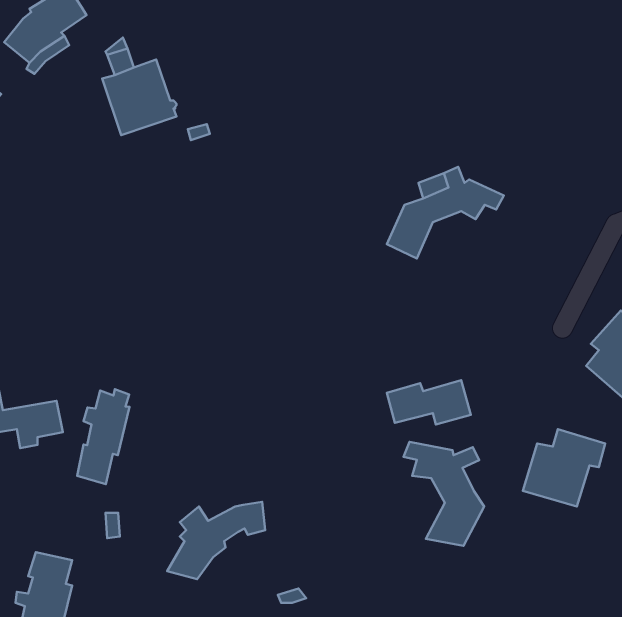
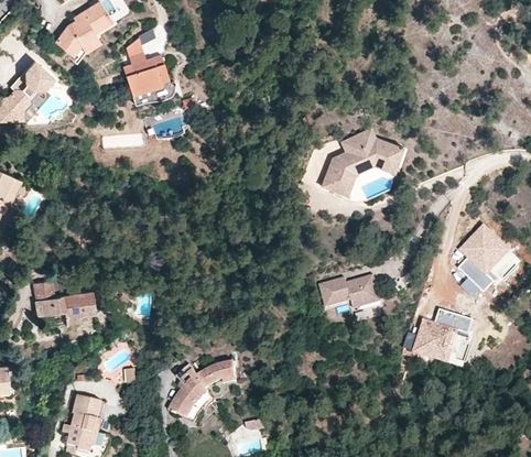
building: none -> [343,154,398,194]
building: [77,389,130,484] -> none
building: [403,442,484,546] -> none

